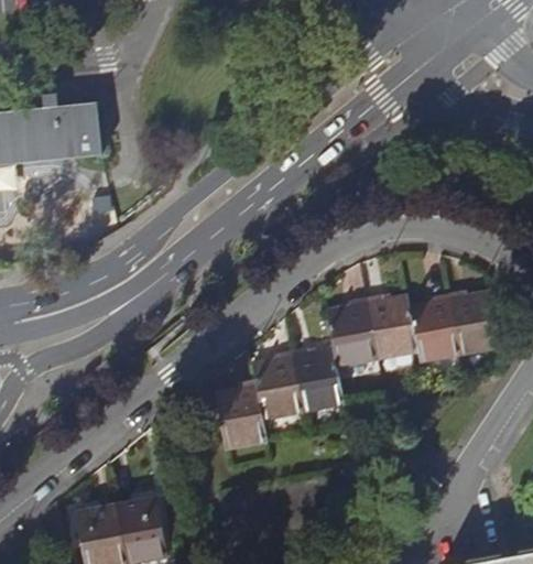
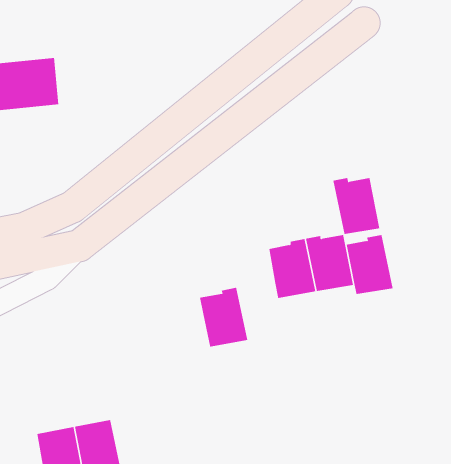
building: [449,293,501,355] -> [332,178,380,234]
building: [292,349,344,411] -> none
building: [214,382,266,447] -> none

